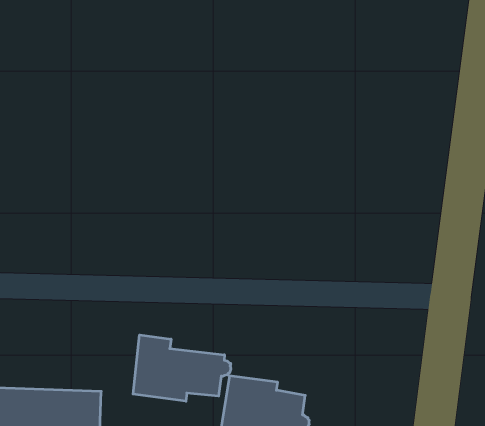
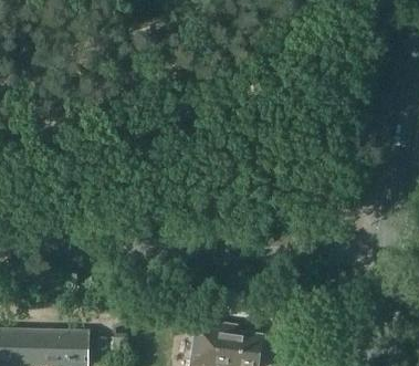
building: [133,335,231,401] -> none

